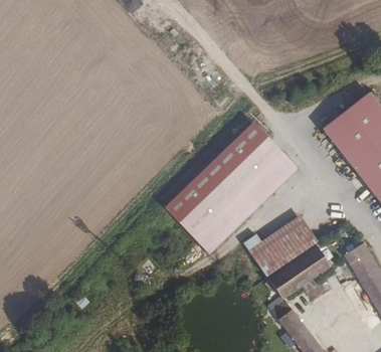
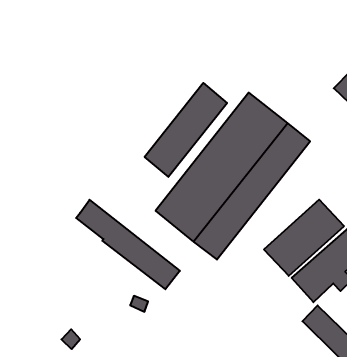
building: none -> [145,83,227,177]
building: none -> [76,200,180,289]

